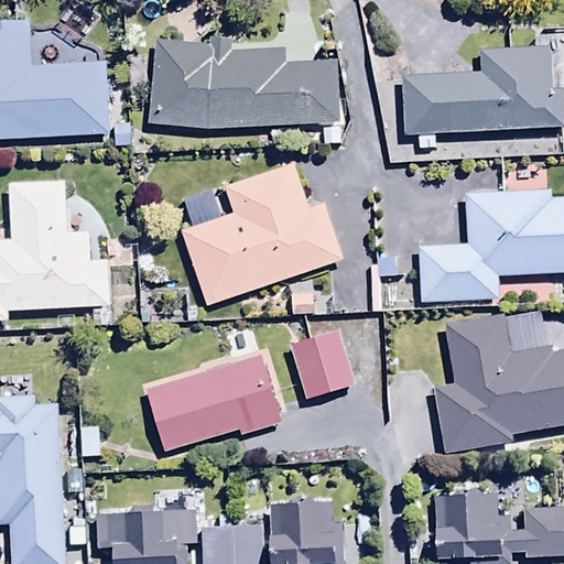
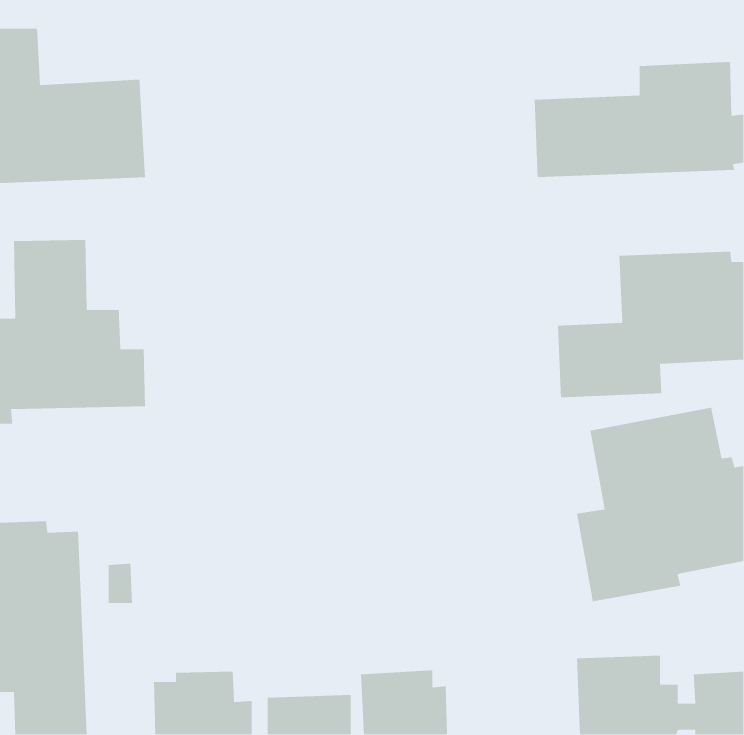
building: [147,35,341,129] -> none
building: [182,162,346,306] -> none
building: [290,329,356,400] -> none
building: [145,354,280,452] -> none

